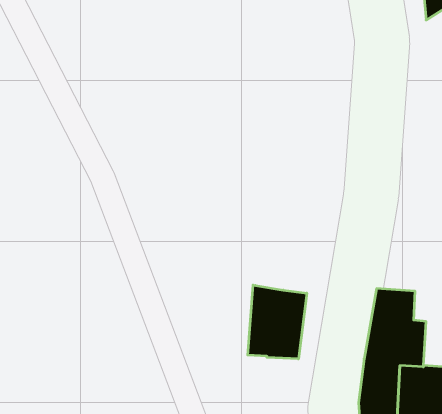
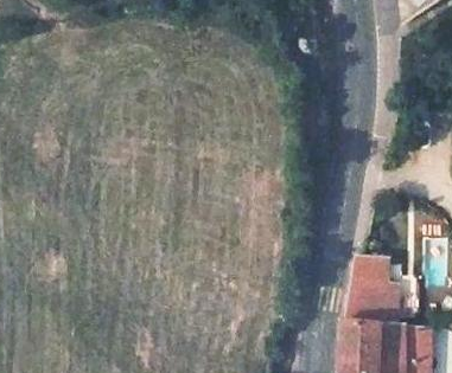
building: [248,285,307,359] -> none

